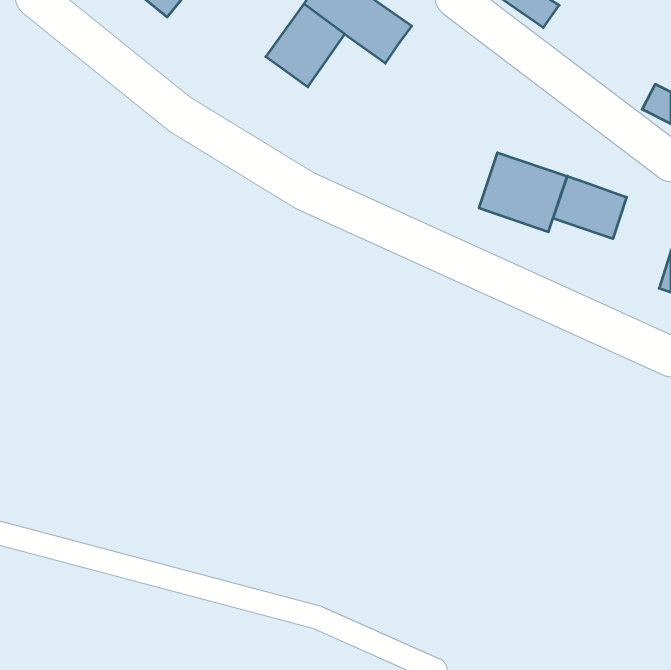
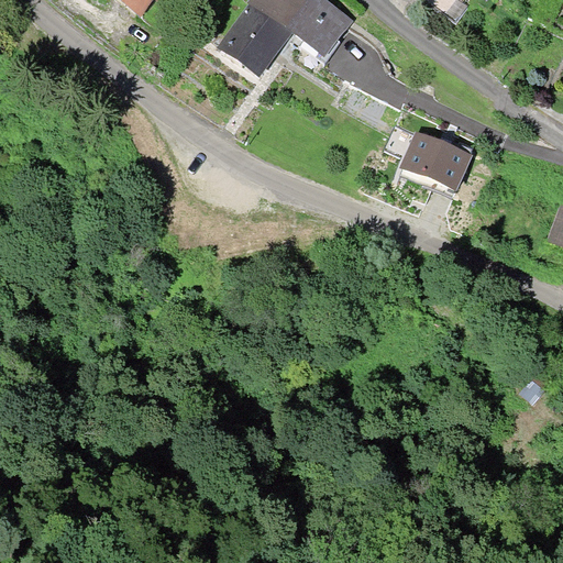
building: [553,176,627,239] -> none

